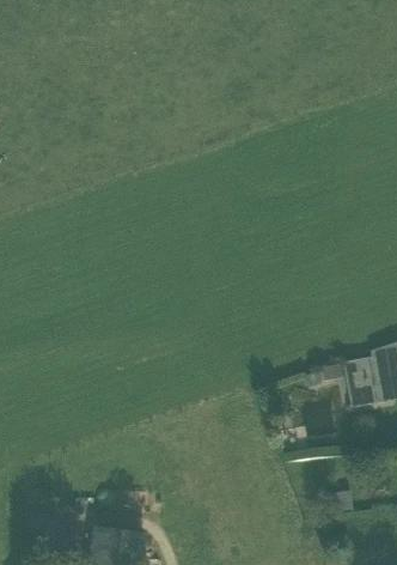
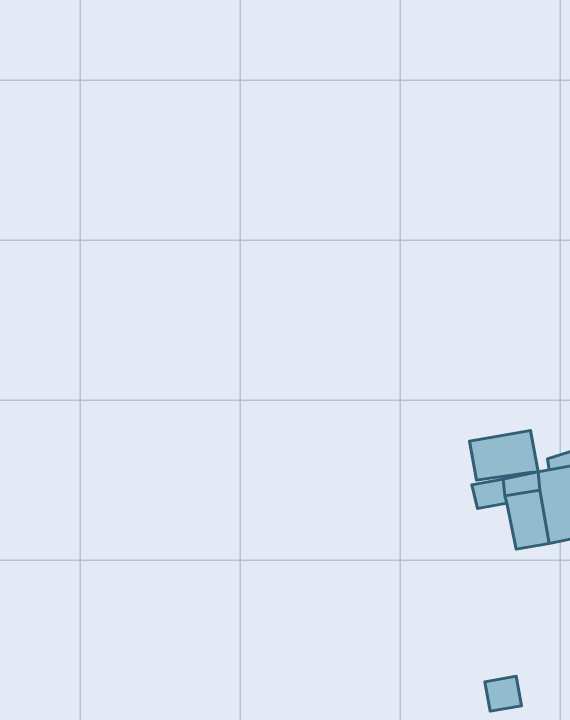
building: none -> [469,431,538,480]

